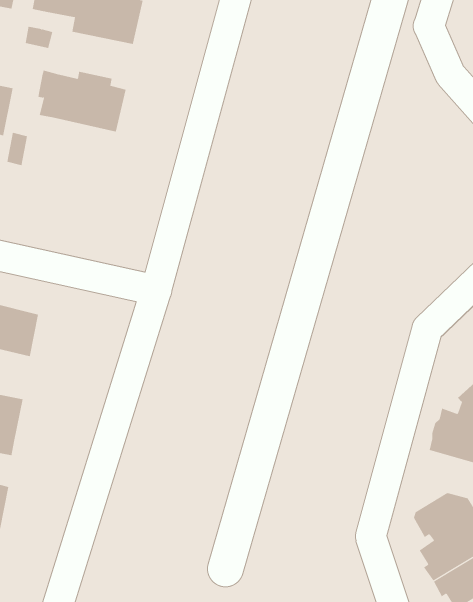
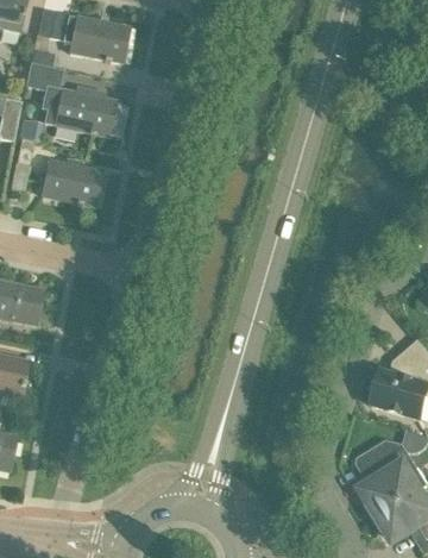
building: none -> [25,63,62,89]
building: none -> [40,161,102,208]

